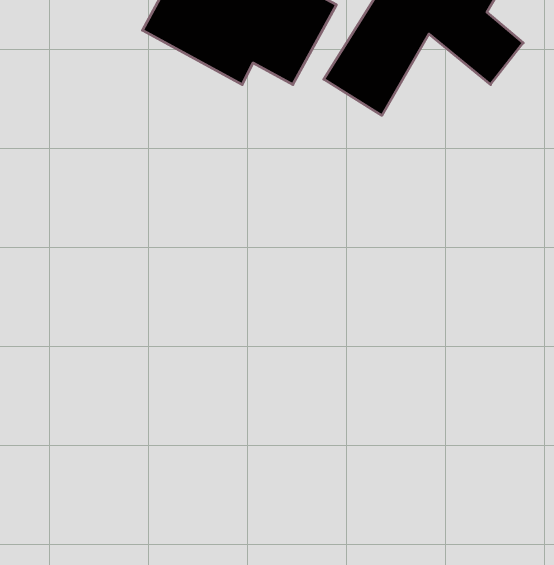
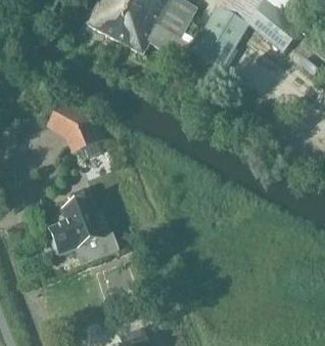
building: none -> [48,101,103,153]
building: none -> [49,192,103,256]

